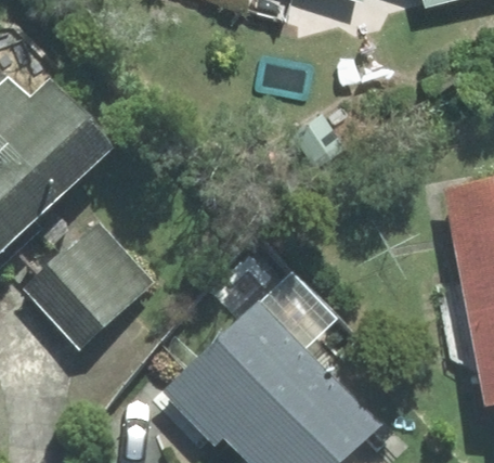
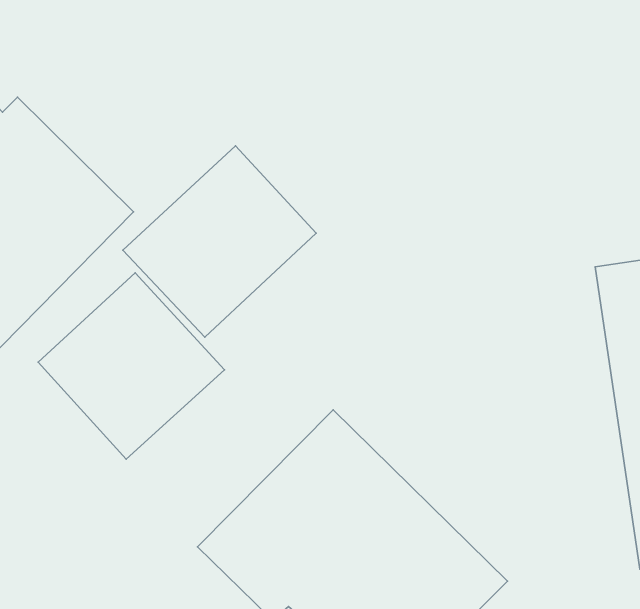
building: none -> [123,146,316,337]

